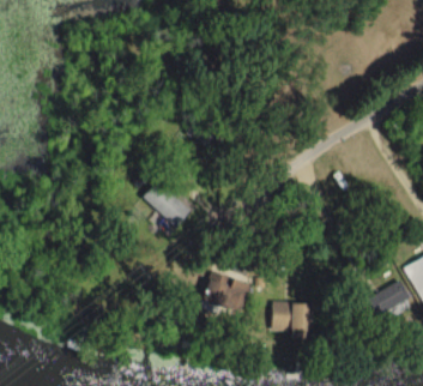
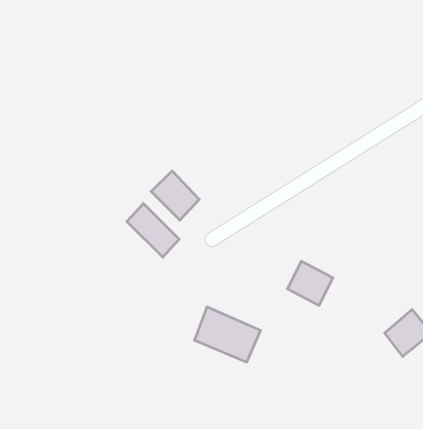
building: none -> [151,171,199,220]
building: [272,300,312,338] -> [287,261,333,305]

